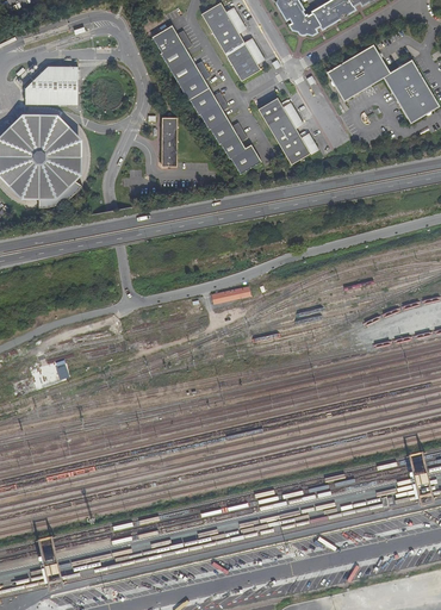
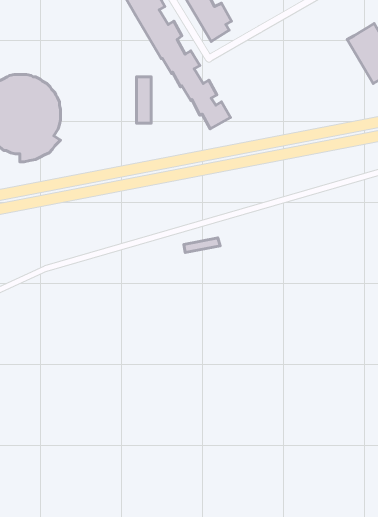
building: [327,45,390,101] -> none
building: [25,66,77,102] -> none
building: [256,95,315,163] -> none

